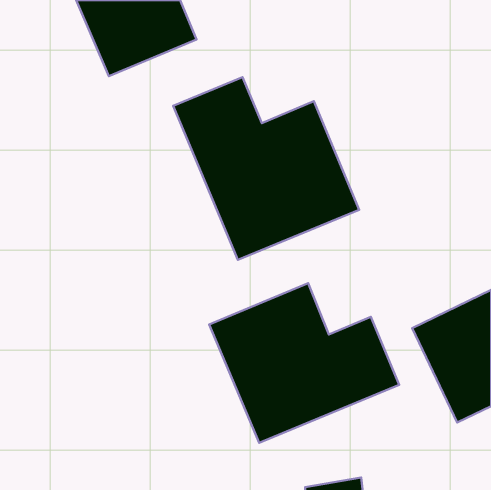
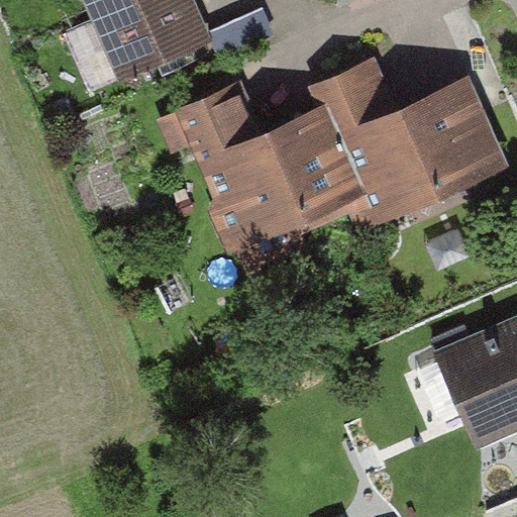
building: none -> [323,59,507,222]
building: [209,283,399,443] -> none

